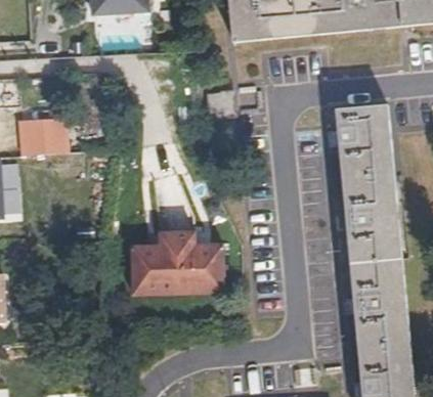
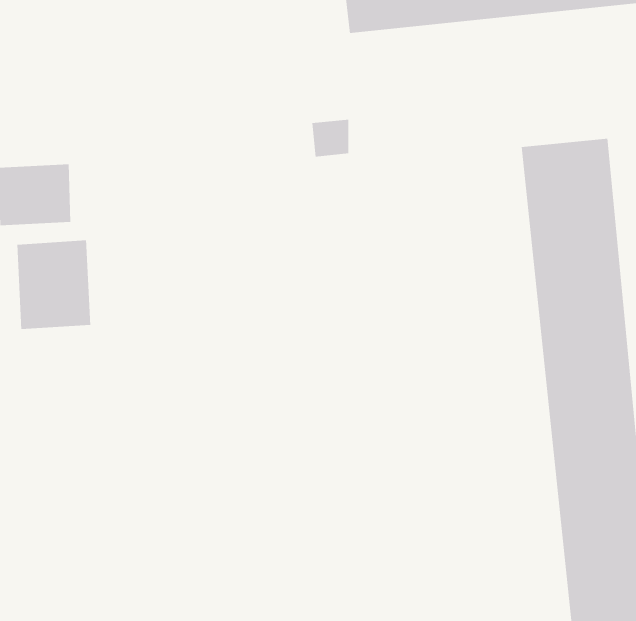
building: none -> [17,240,91,330]
building: [128,226,221,297] -> none

